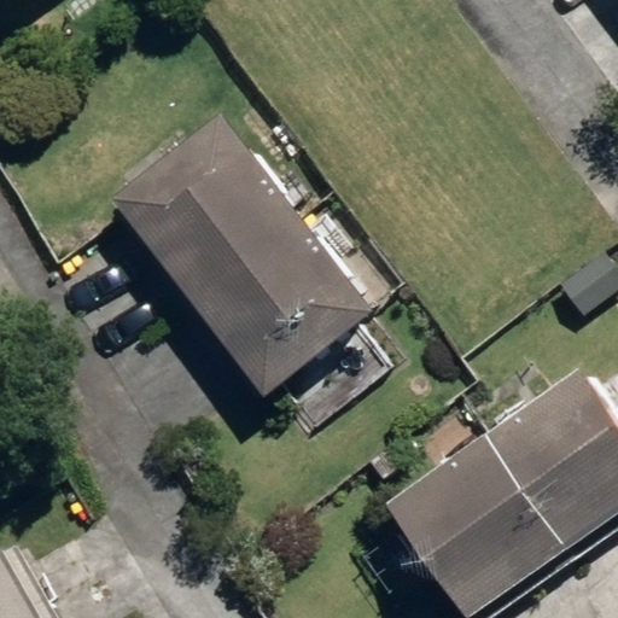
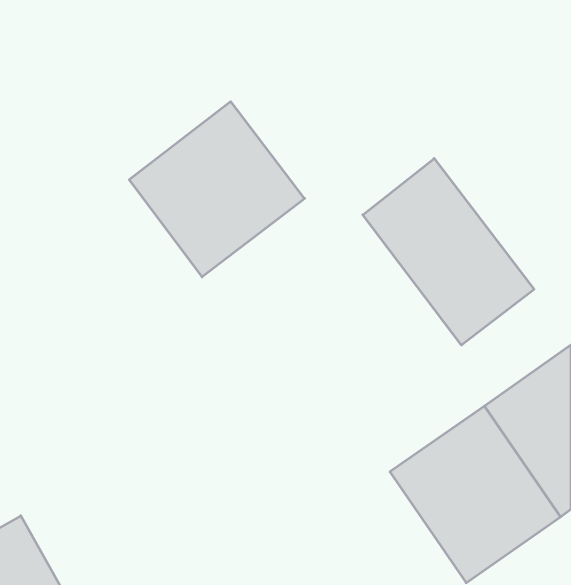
building: none -> [363,158,534,345]
building: [211,212,391,389] -> none

